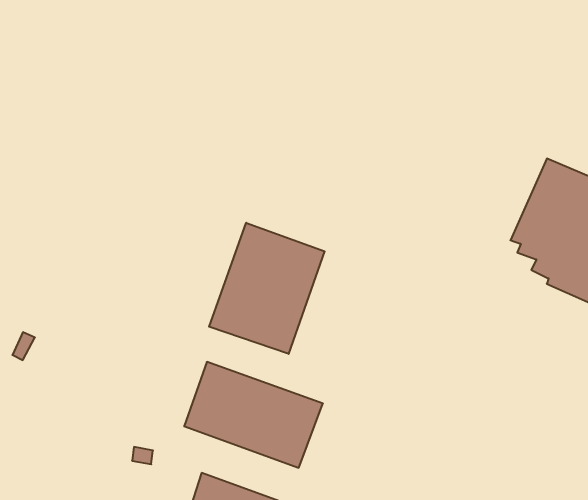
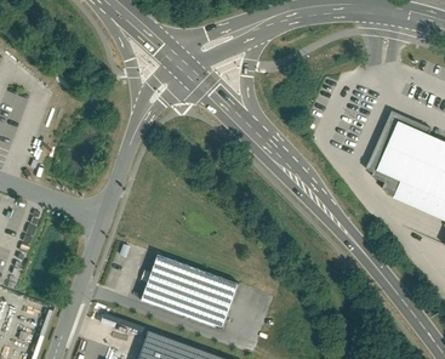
building: [209,223,325,354] -> none

